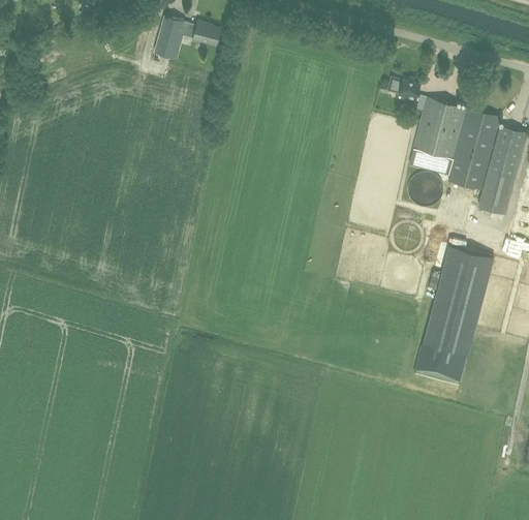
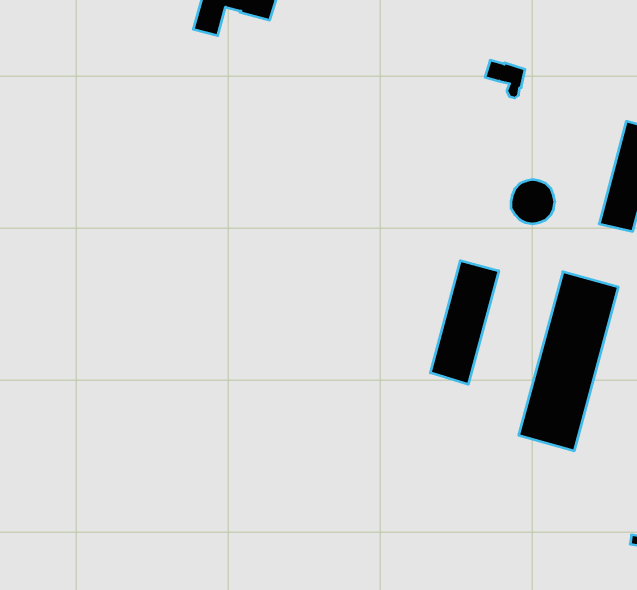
building: [409,96,501,189] -> none
building: none -> [430,261,499,384]

